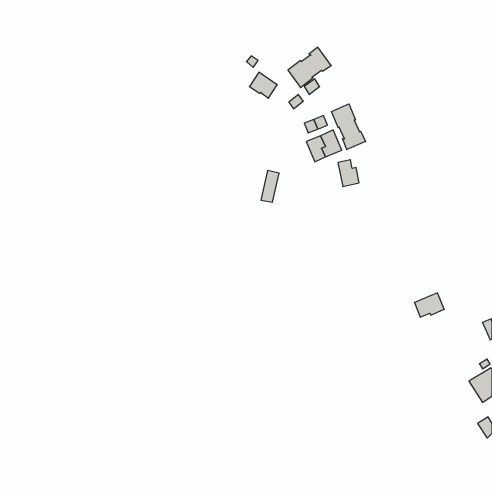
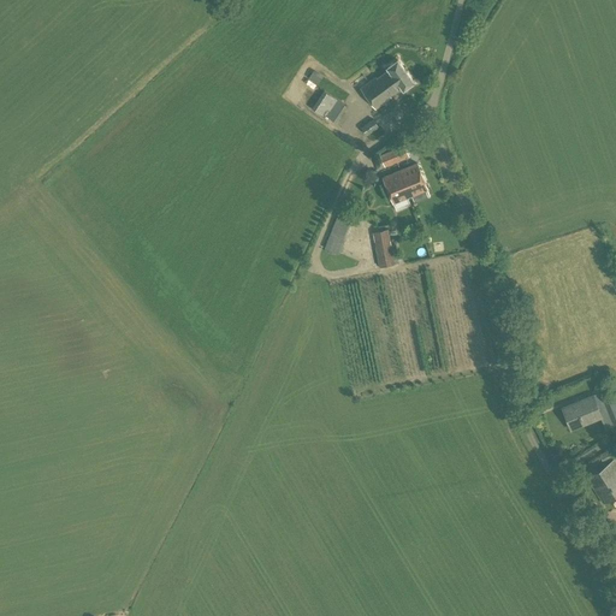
building: [332,104,366,150] -> none
building: [338,160,359,187] -> [373,235,399,268]
building: [414,293,444,317] -> [563,397,600,427]

